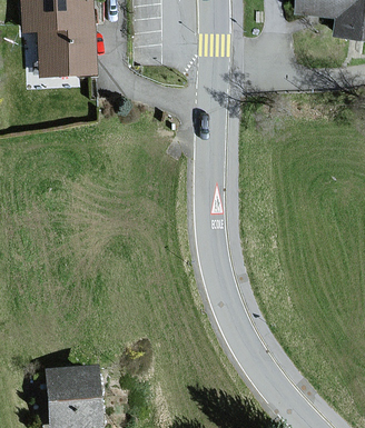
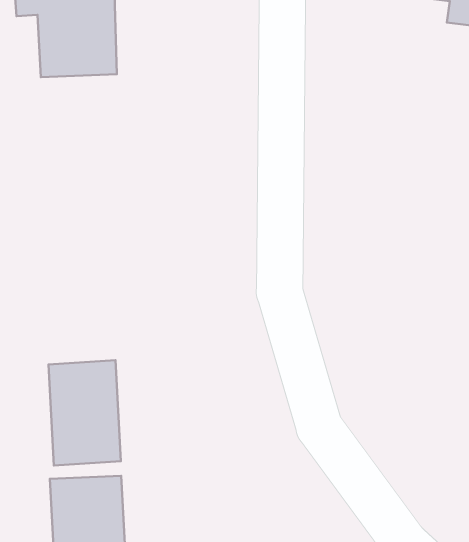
building: none -> [49,360,121,465]

